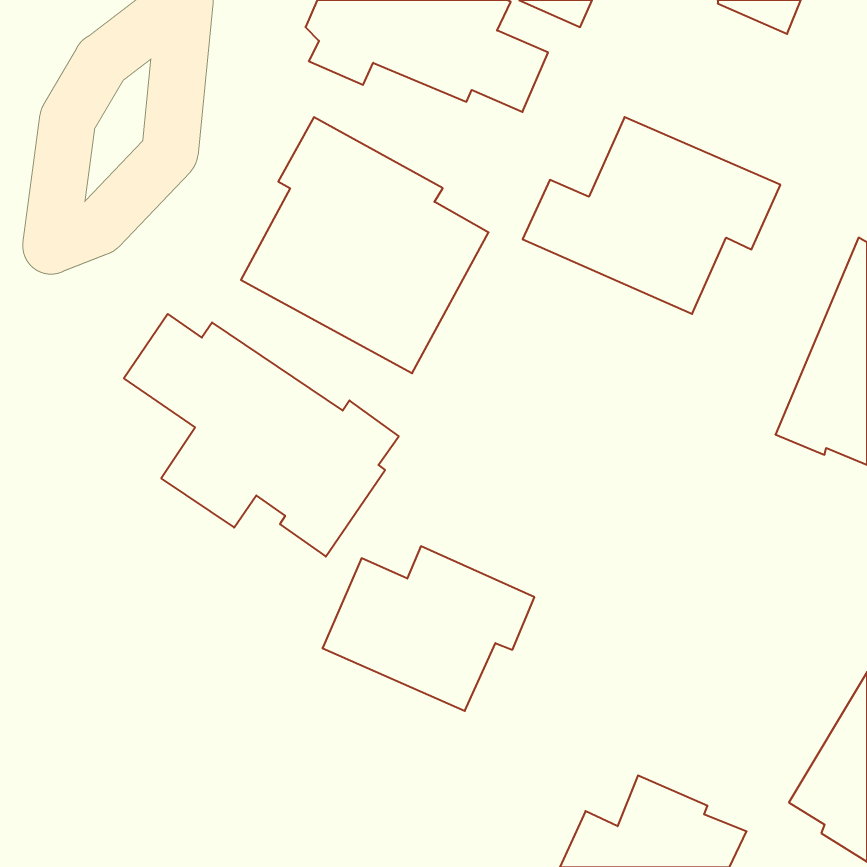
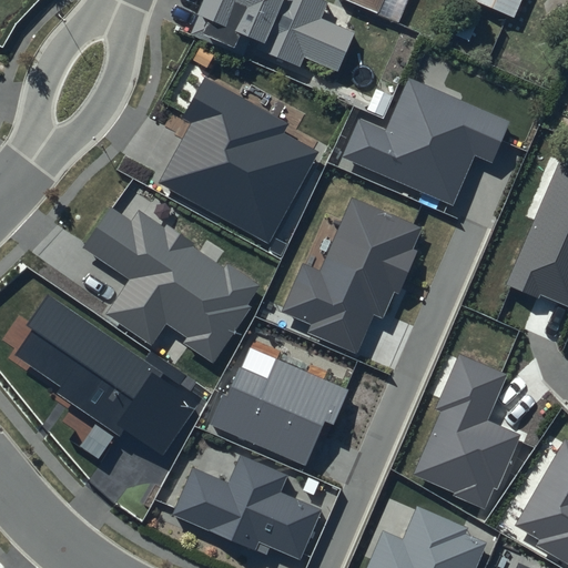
building: none -> [281,197,422,353]
building: none -> [16,293,200,455]
building: none -> [413,355,519,508]
building: none -> [172,455,322,560]

